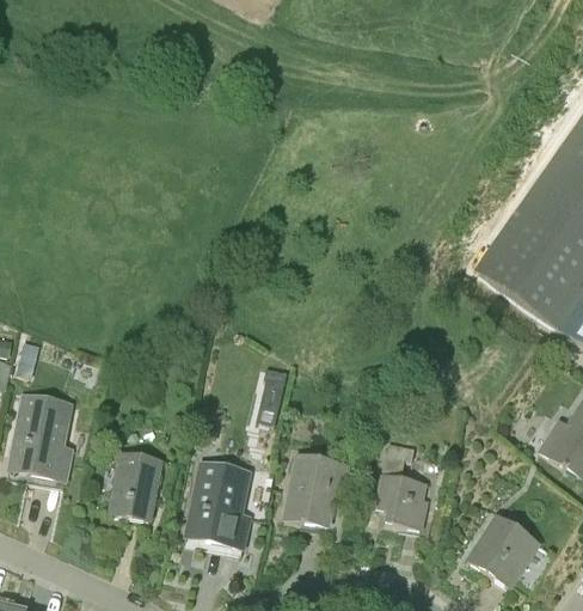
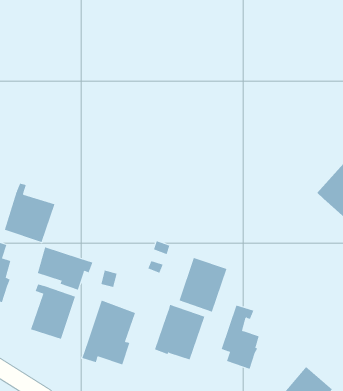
building: none -> [4,183,55,243]
building: none -> [179,257,227,312]
building: none -> [37,246,93,290]

